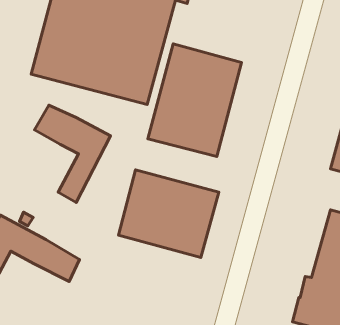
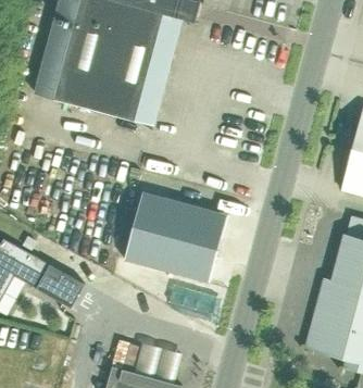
building: [148,44,242,157] -> none
building: [35,105,111,202] -> none

